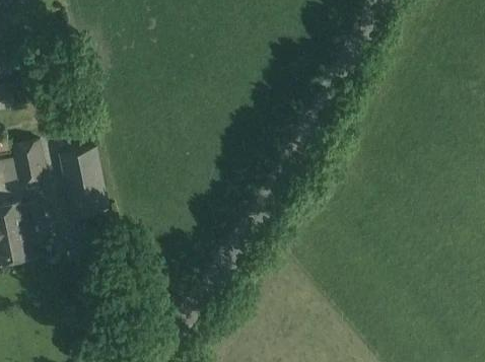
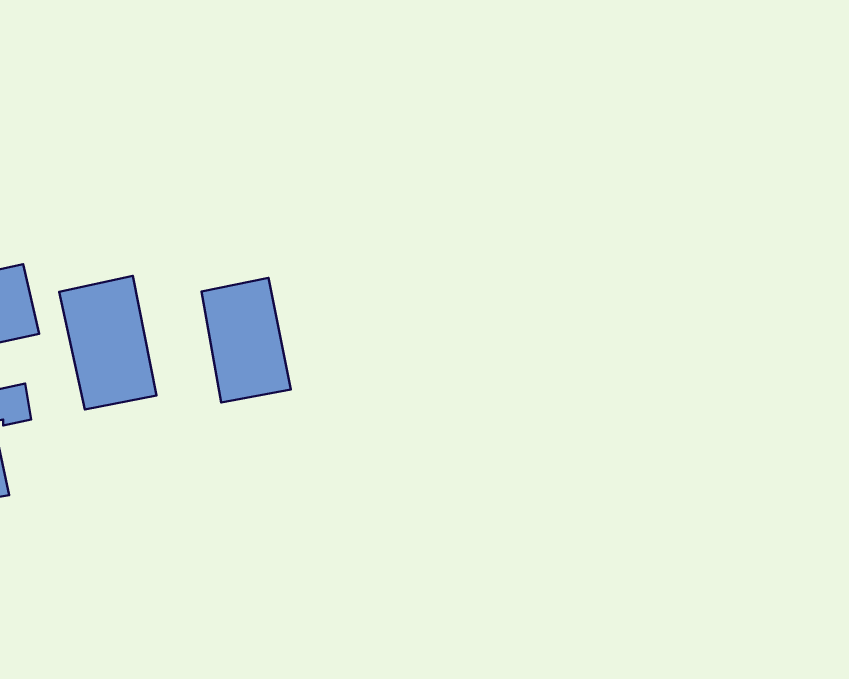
building: none -> [201,278,291,402]

